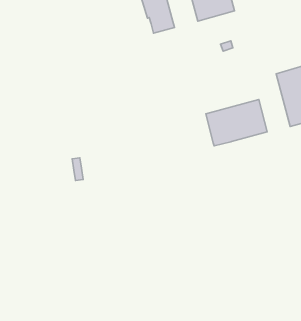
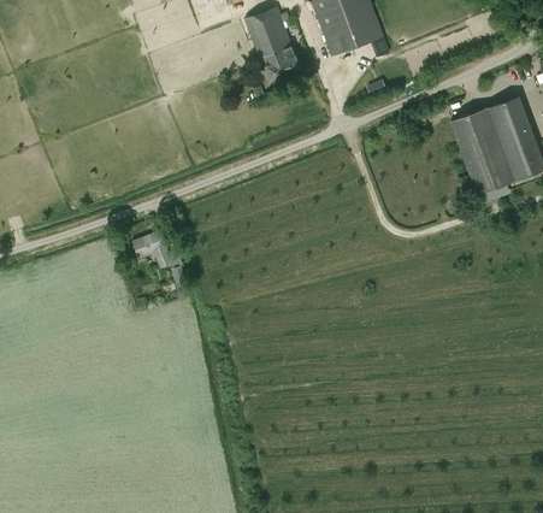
building: [206,100,267,146] -> none
building: none -> [134,230,171,266]

